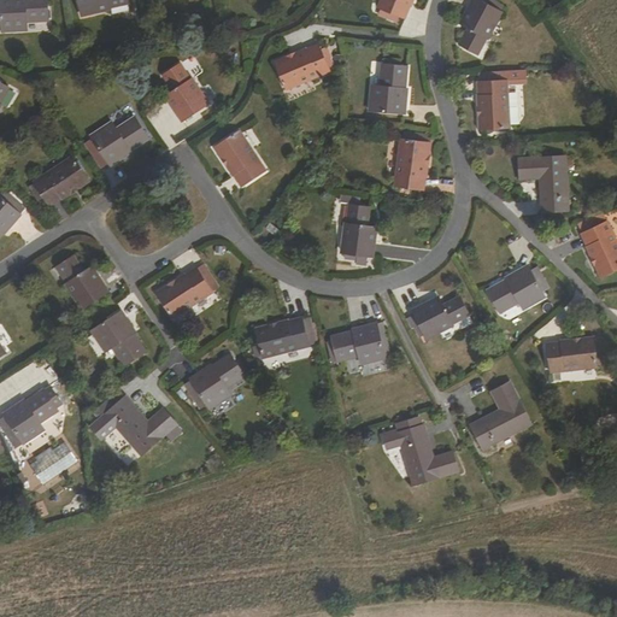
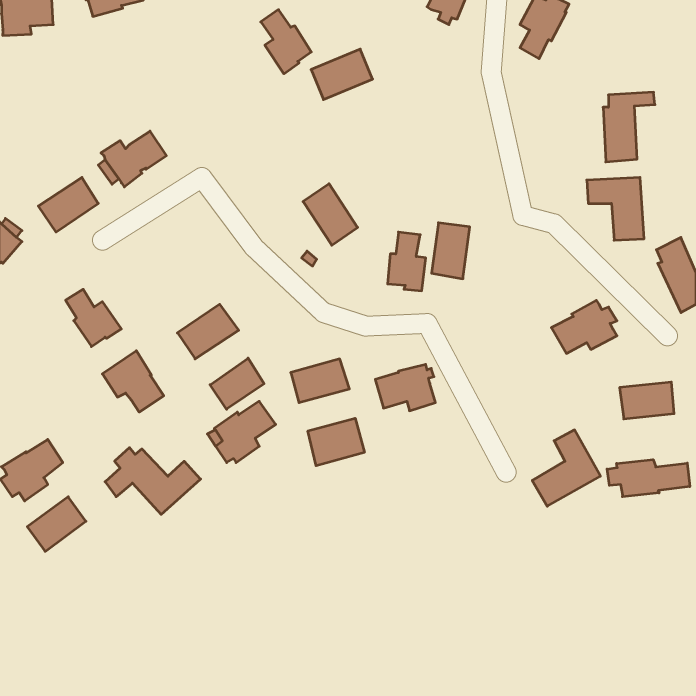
building: [369,64,407,113] -> none
building: [161,65,206,122] -> [261,10,311,74]
building: [477,67,523,129] -> [603,92,655,162]
building: [215,130,263,184] -> [303,184,358,245]
building: [395,139,429,188] -> [432,223,470,279]
building: [411,294,466,336] -> none
building: none -> [210,358,264,409]
building: none -> [308,418,364,466]
building: none -> [607,460,690,497]
building: [398,424,458,483] -> none

